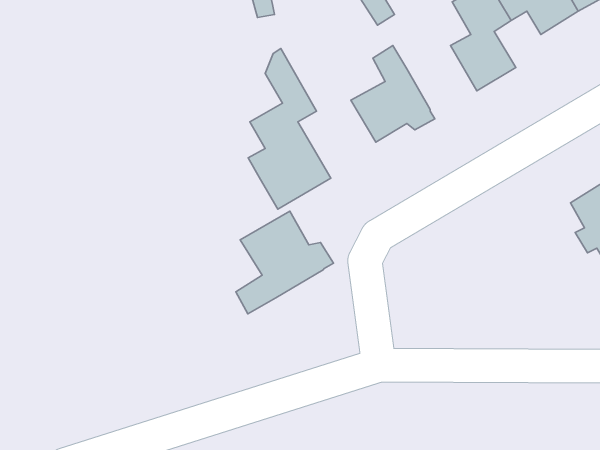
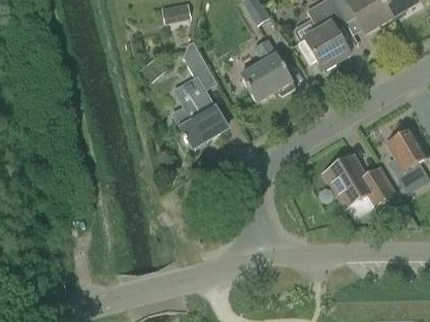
building: [236,211,333,314] -> none
building: none -> [323,154,397,210]

